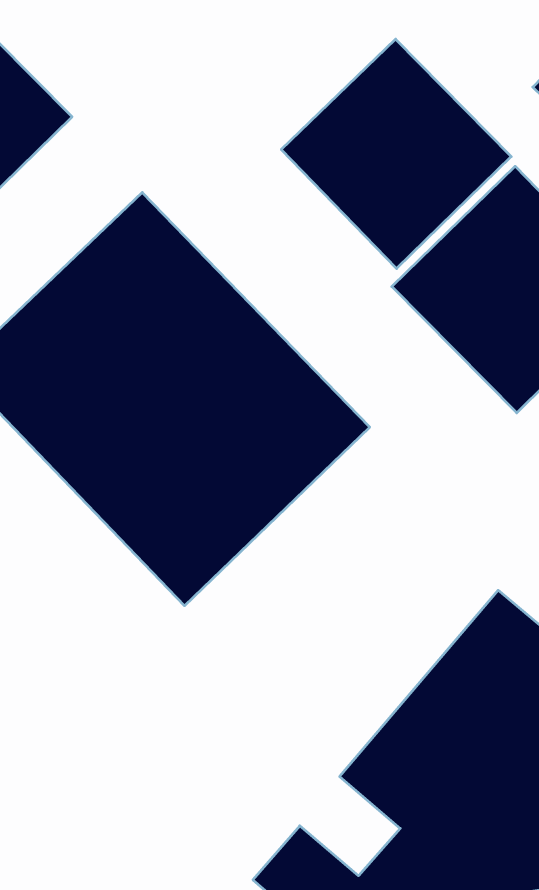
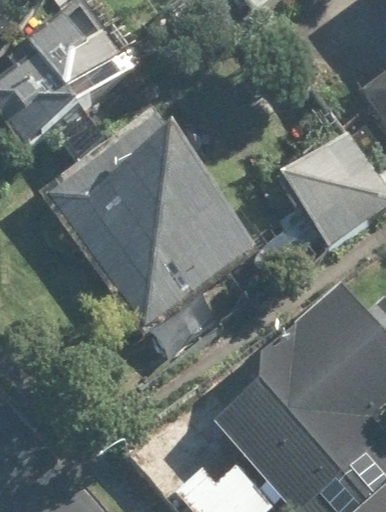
building: [281,39,511,269] -> none

